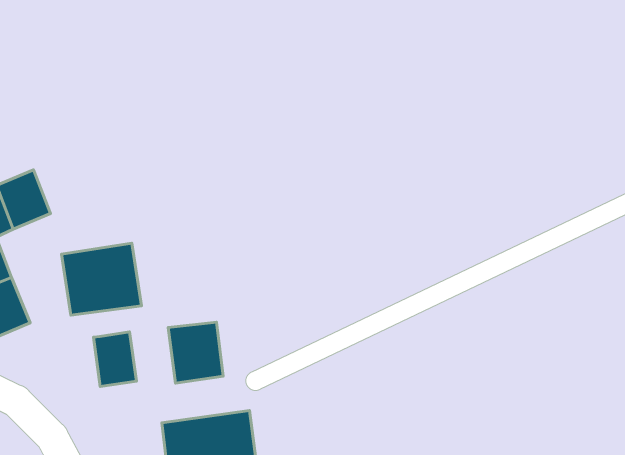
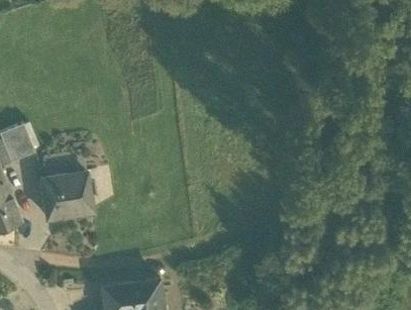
building: [168,322,223,383] -> none
building: [93,332,136,387] -> none

